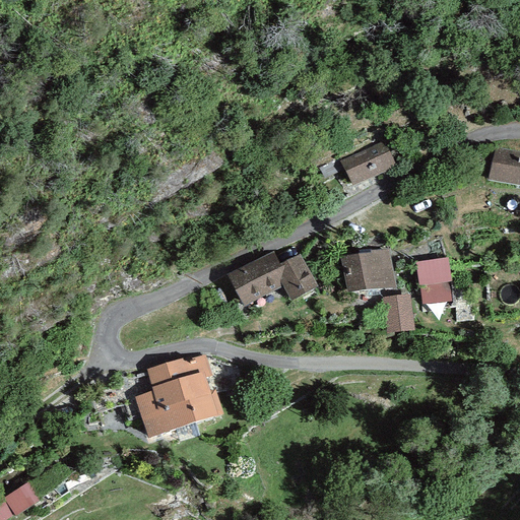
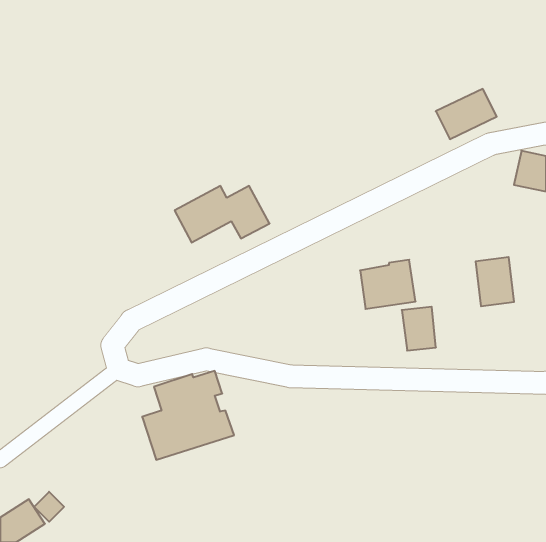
building: [339,137,397,185] -> [436,89,497,139]
building: [229,253,319,307] -> [175,186,270,243]
building: [415,257,452,304] -> [476,257,514,306]

